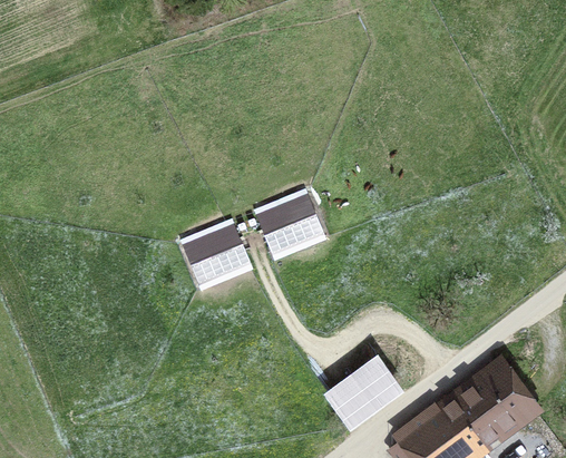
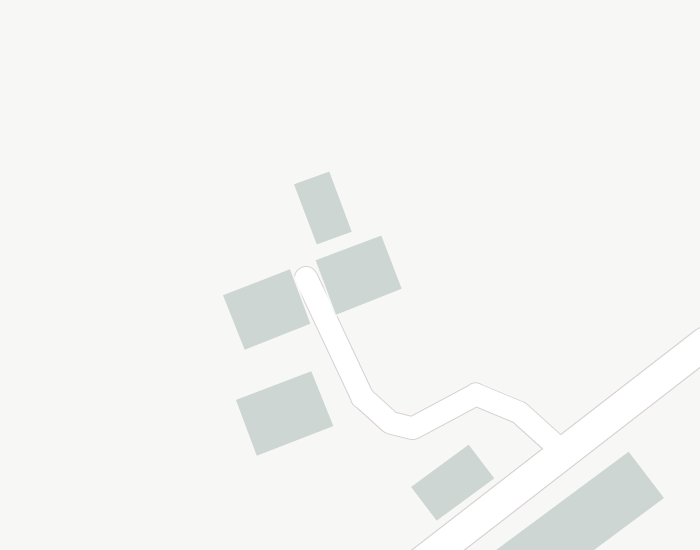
building: none -> [293,171,353,245]
building: none -> [235,370,335,457]

